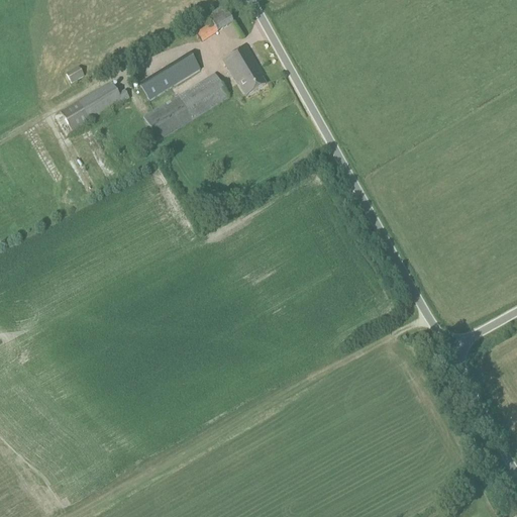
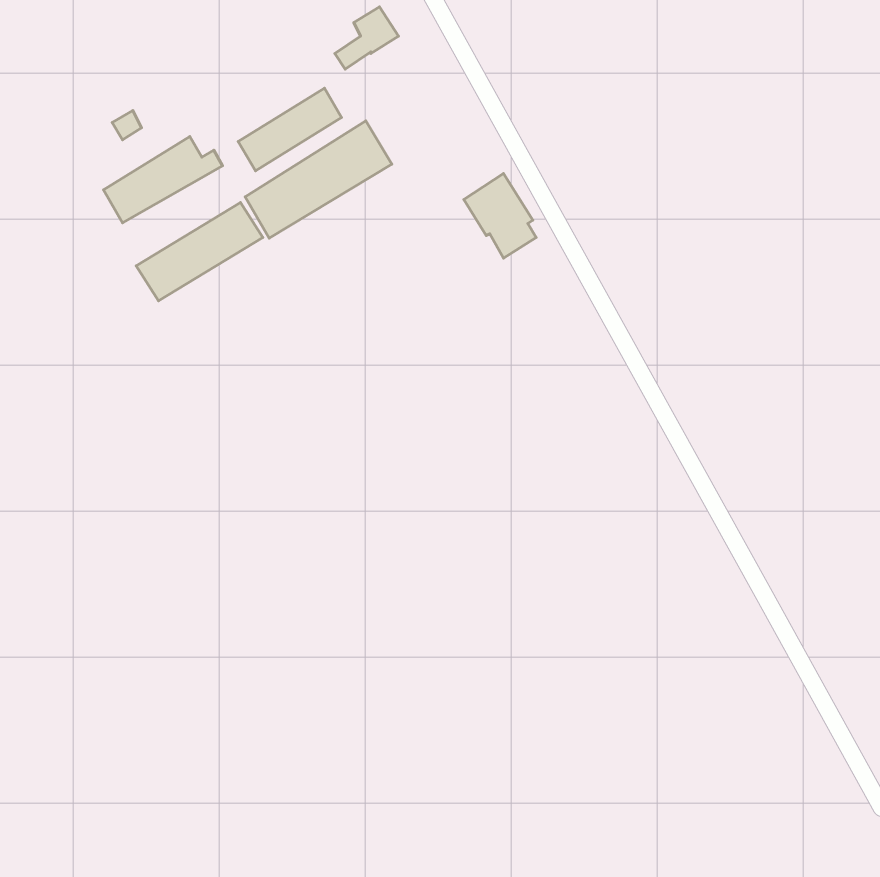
building: [224,44,267,94] -> [464,173,536,258]
building: none -> [136,202,263,301]

